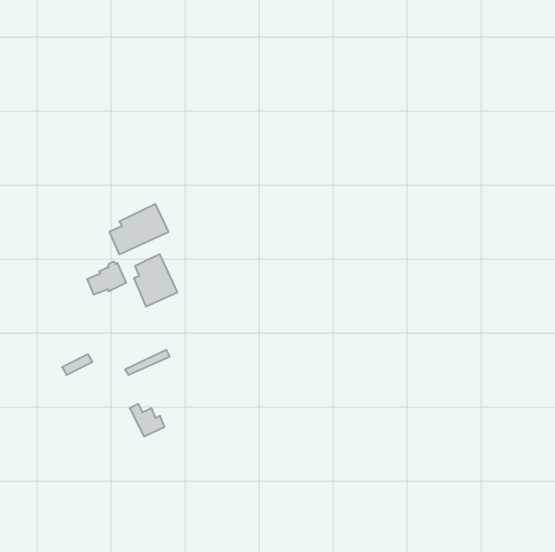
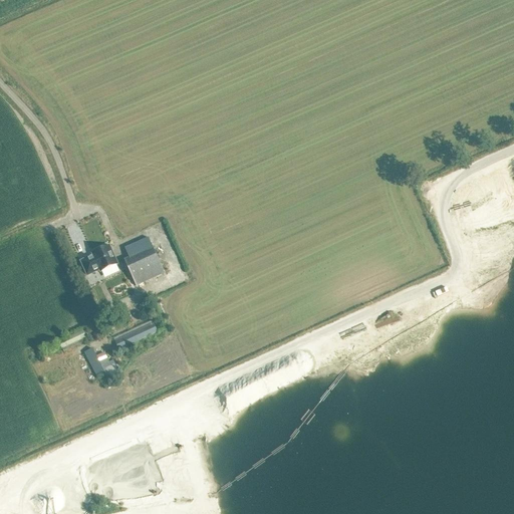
building: [110,204,168,254] -> none
building: [130,404,165,437] -> [84,346,116,376]

